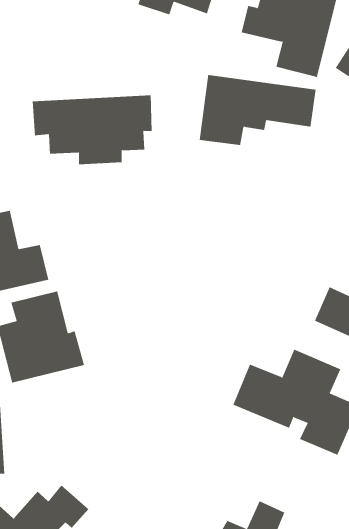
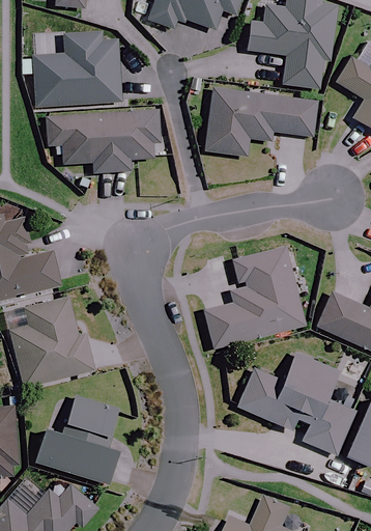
building: none -> [21,33,122,105]
building: none -> [204,245,307,346]
building: none -> [35,397,121,485]

